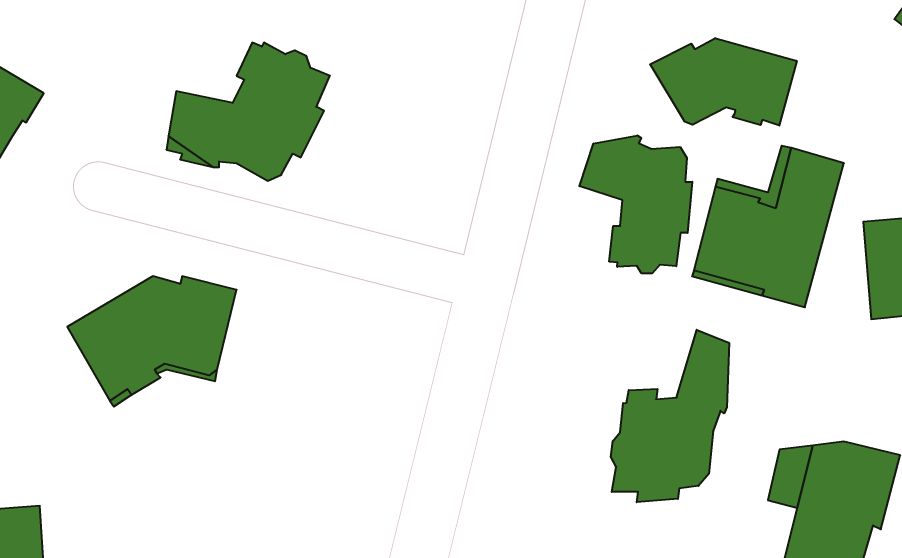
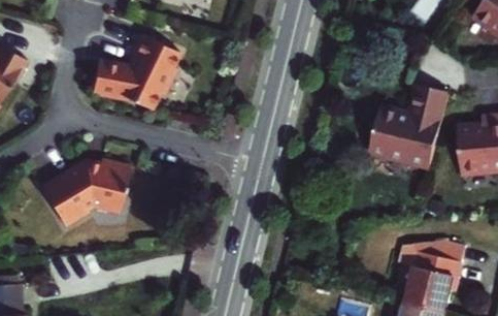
building: [650,38,797,126] -> none
building: [579,135,692,273] -> none
building: [611,330,729,502] -> none

